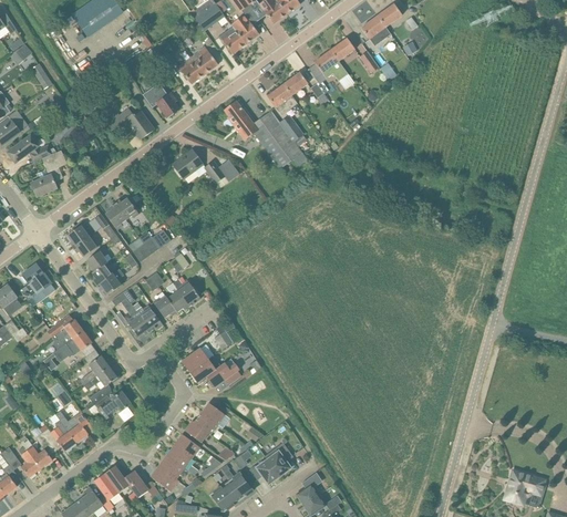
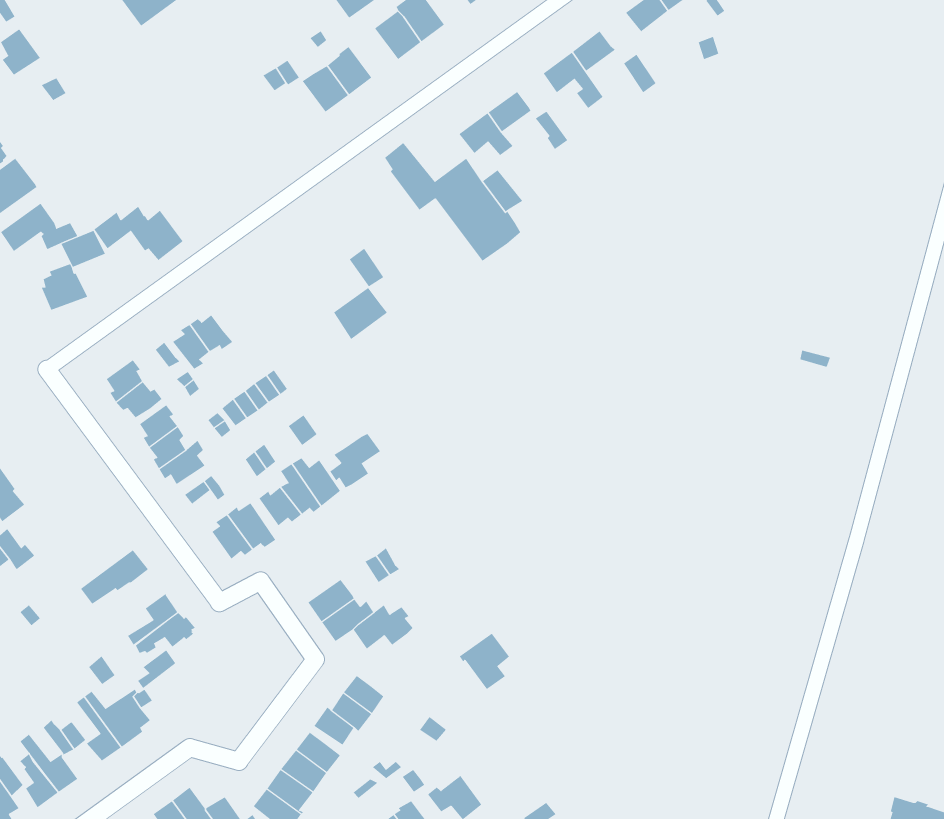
building: [143,83,179,117] -> none
building: [104,108,155,139] -> [93,206,184,261]
building: [173,149,204,179] -> [333,287,388,340]
building: [23,263,51,297] -> none
building: none -> [330,433,381,488]
building: [47,314,83,350] -> none
building: [97,391,132,420] -> none
building: [265,443,293,475] -> [459,633,510,690]

